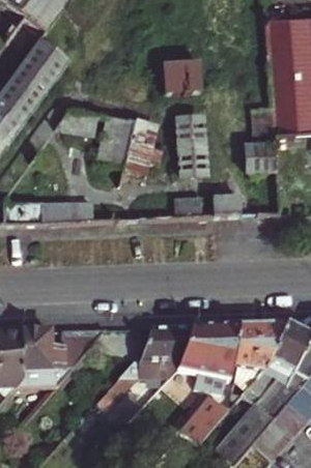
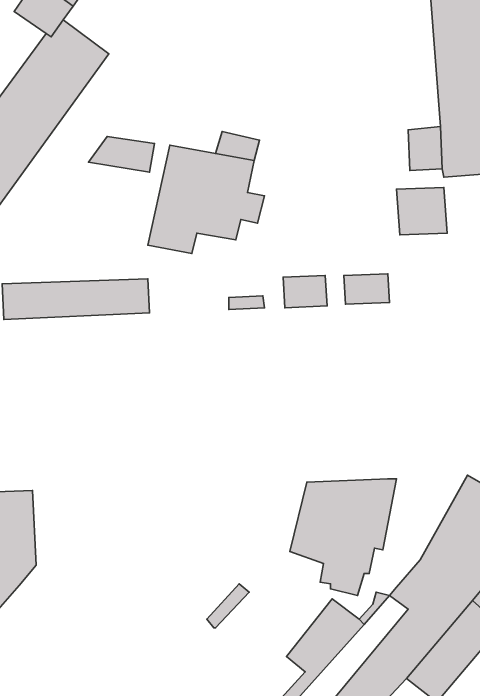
building: [164,59,201,91] -> none
building: [178,115,207,175] -> none
building: [235,318,289,386] -> none
building: [101,322,191,403] -> none
building: [15,325,109,385] -> none

